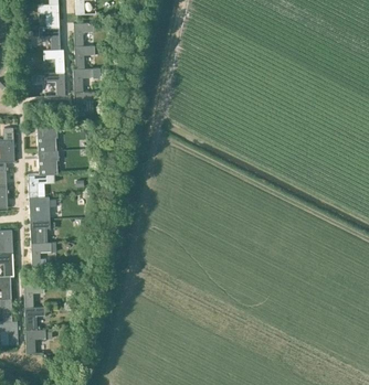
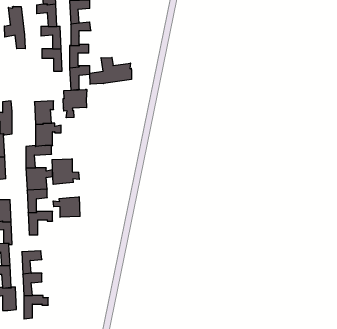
building: none -> [4,6,25,49]
building: none -> [90,57,131,84]
building: none -> [63,89,87,118]
building: none -> [52,159,79,184]
building: none -> [53,197,80,217]

